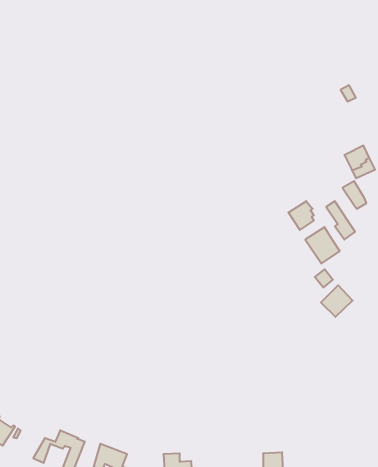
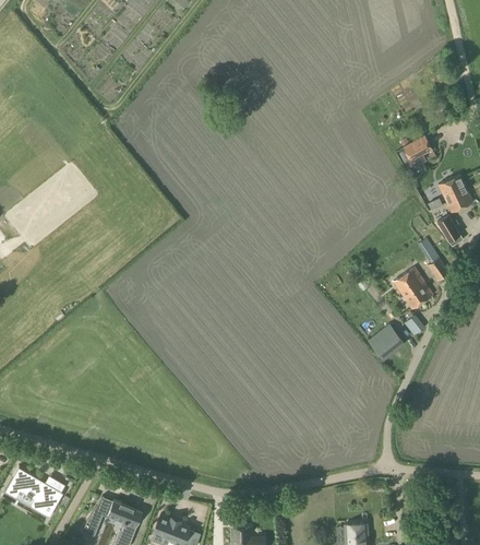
building: none -> [403,137,432,164]
building: [288,201,314,230] -> none
building: [321,285,353,317] -> [371,322,407,358]

